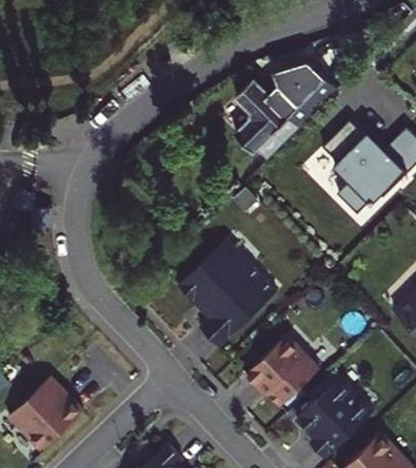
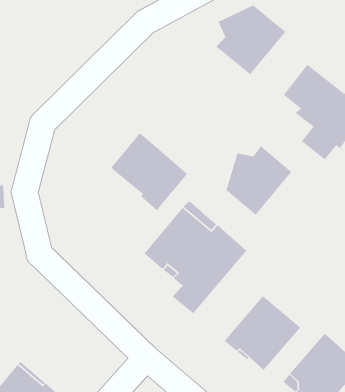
building: [233,81,288,156] -> none
building: none -> [110,132,188,211]
building: none -> [225,145,292,216]

